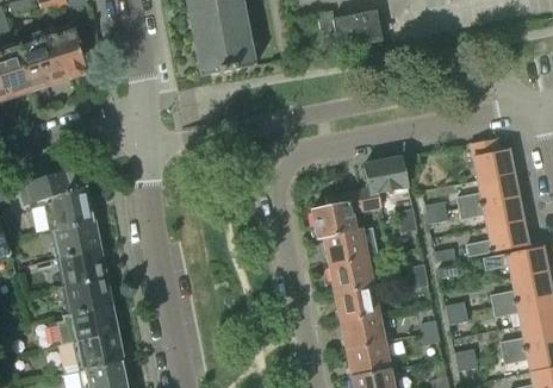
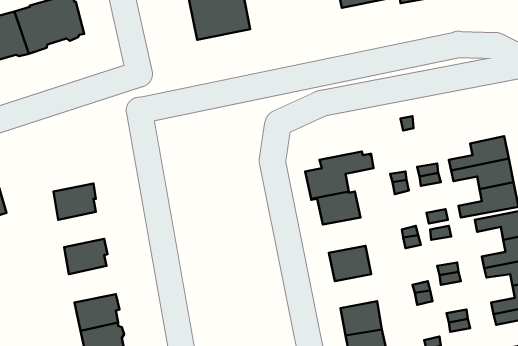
building: [471,138,512,181] -> none
building: [364,157,406,193] -> none
building: [15,167,97,230] -> none
building: [61,250,107,286] -> none
building: [329,256,372,292] -> none
building: [61,305,119,344] -> none
building: [341,313,384,348] -> none

